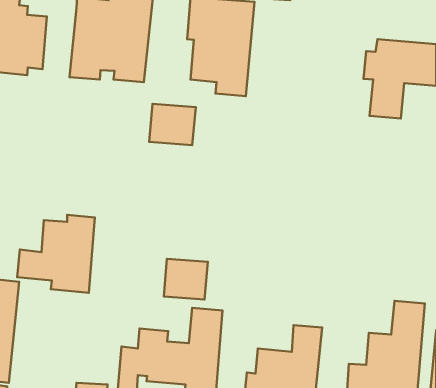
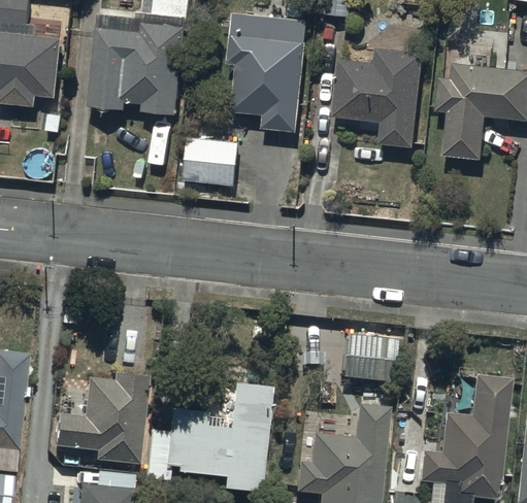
building: none -> [334,49,423,146]
building: [17,215,95,293] -> [55,372,147,465]
building: [164,259,208,300] -> none
building: none -> [342,335,396,384]

